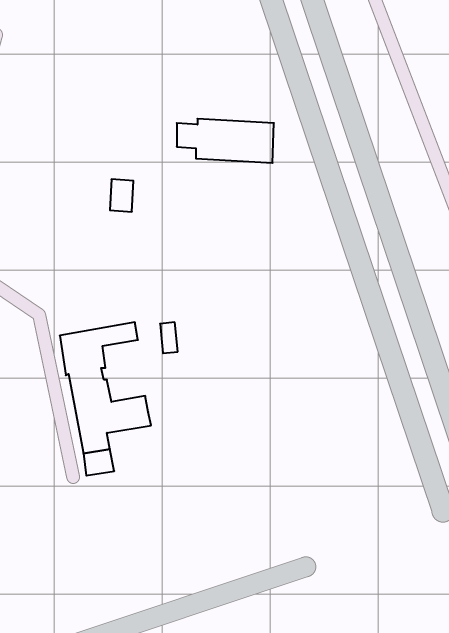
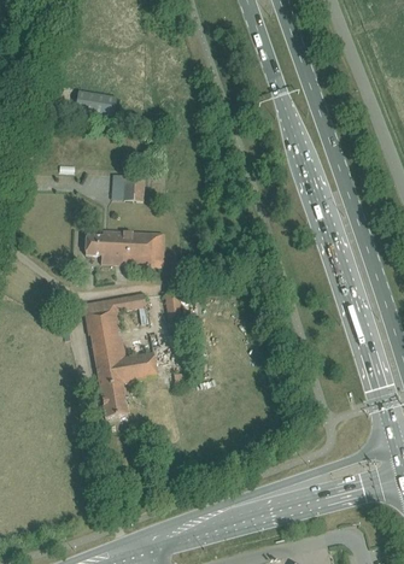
building: none -> [75,90,117,116]
building: [177,119,274,163] -> [86,230,165,266]

